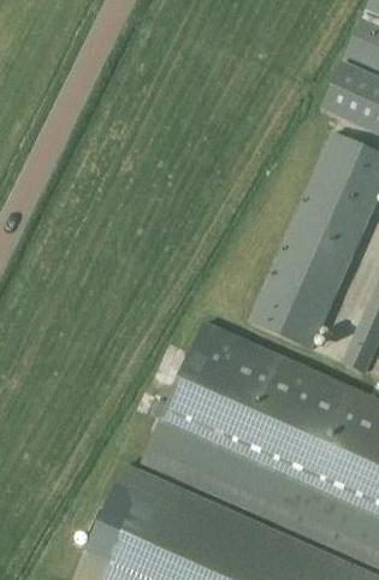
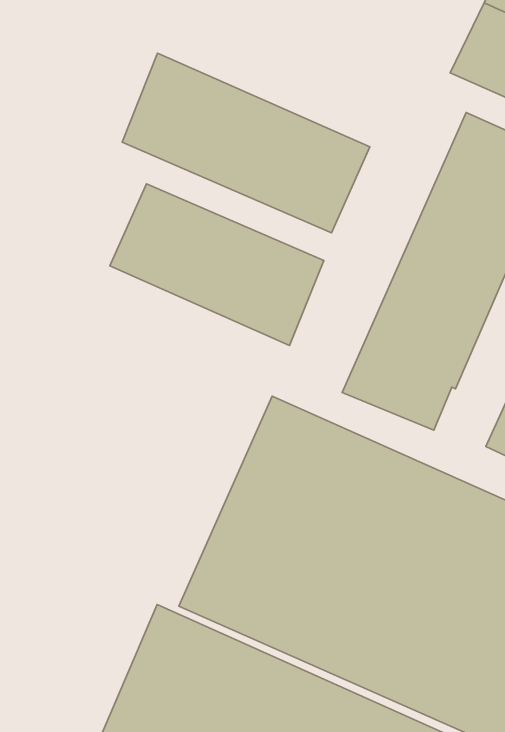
building: none -> [122,53,370,233]
building: none -> [110,184,324,345]

